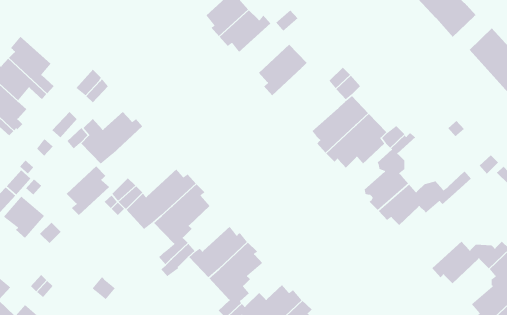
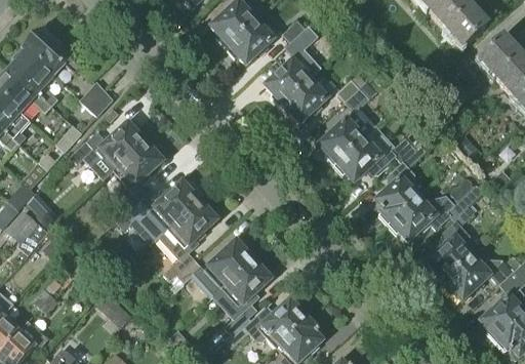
building: none -> [23,28,81,75]
building: none -> [279,79,331,122]
building: [66,166,110,216] -> [117,138,162,190]
building: none -> [427,205,477,283]

